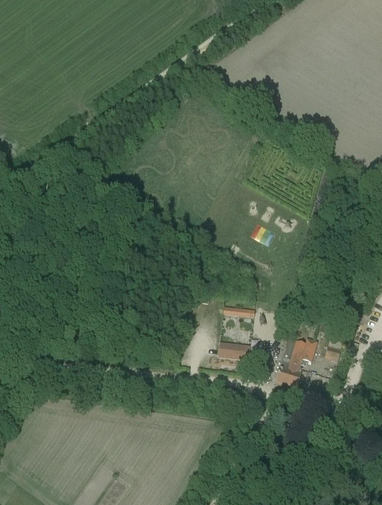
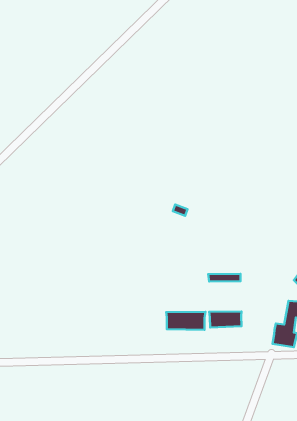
building: none -> [166,312,205,330]

